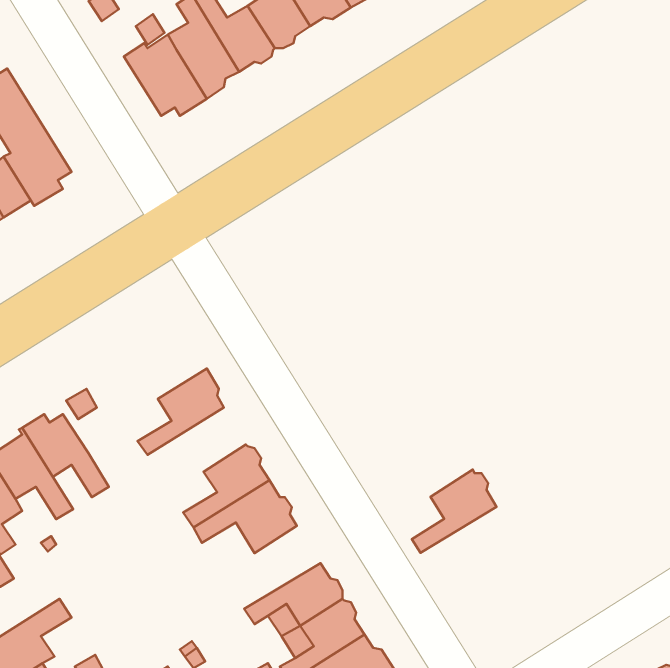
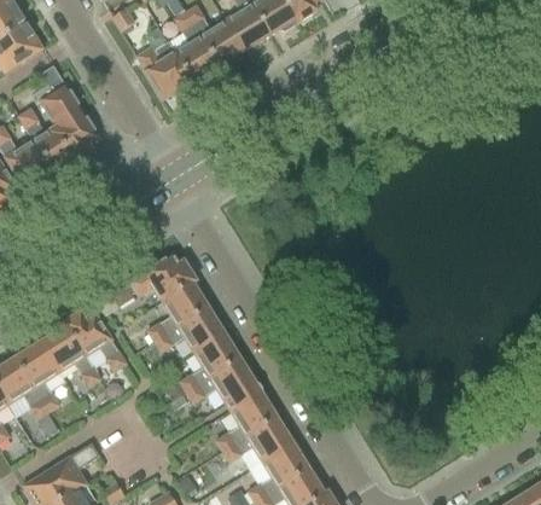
building: none -> [129,254,196,300]
building: none -> [153,306,225,352]
building: [412,470,497,553] -> [216,390,277,449]

